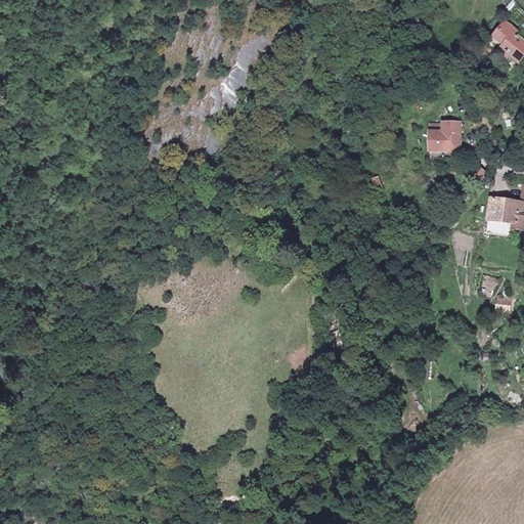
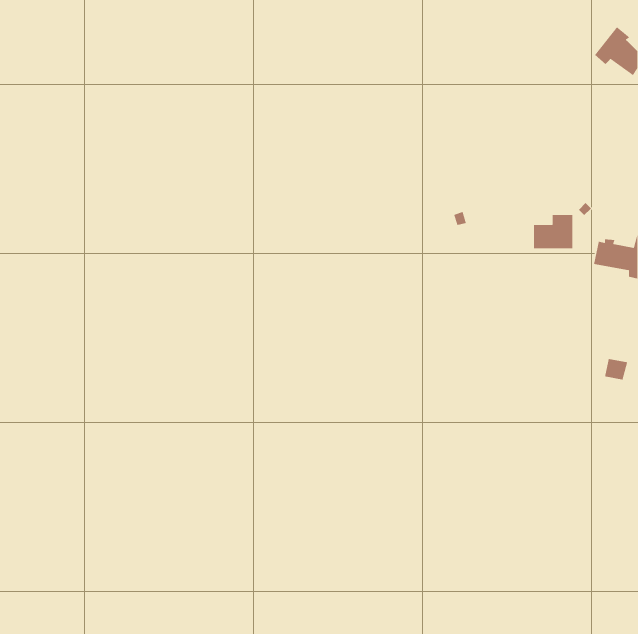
building: [428,119,461,147] -> [533,214,573,249]

